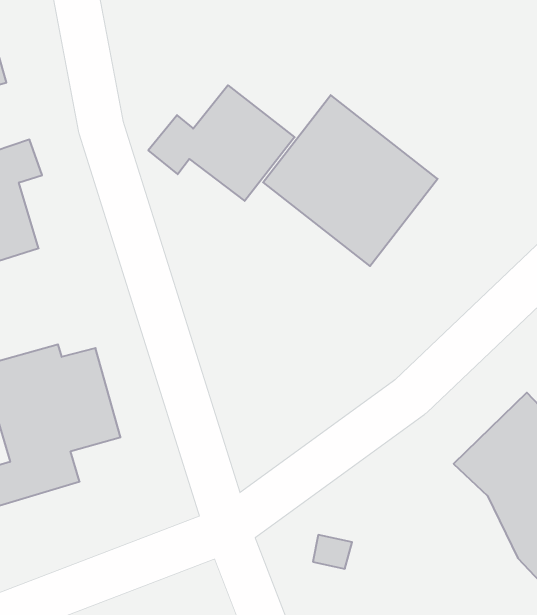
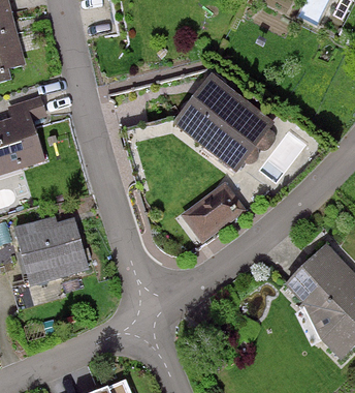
building: [148,85,295,201] -> none
building: none -> [181,183,244,243]

